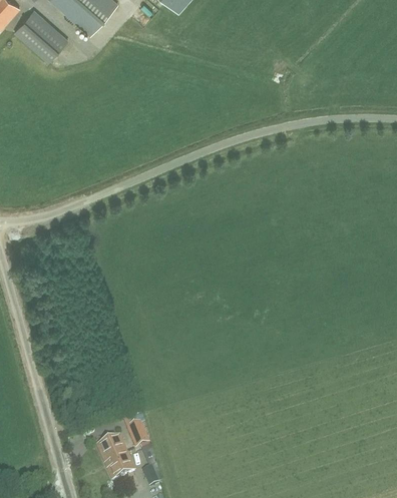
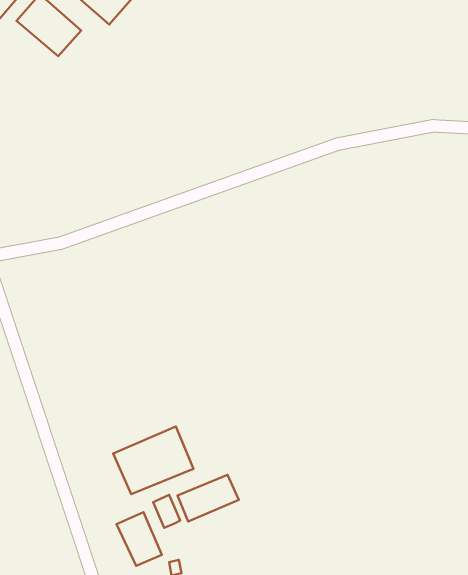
building: none -> [113,427,193,494]
building: none -> [178,475,239,521]

